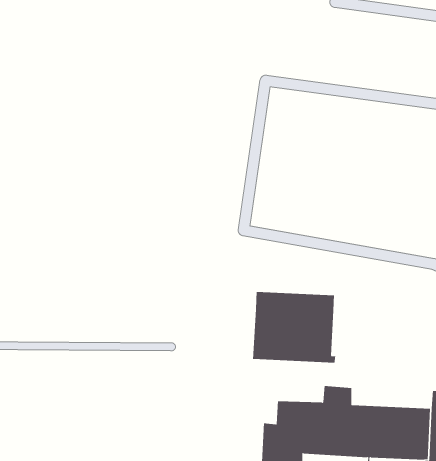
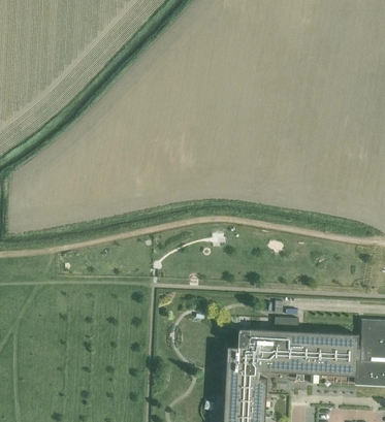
building: [252,291,336,364] -> none

